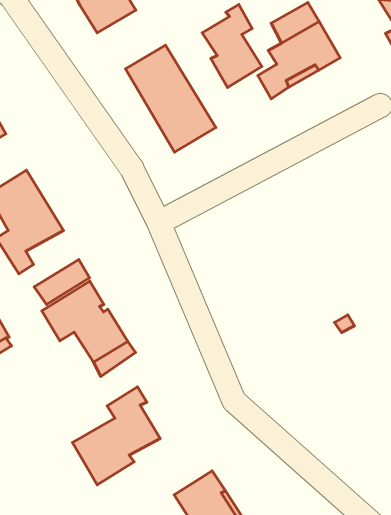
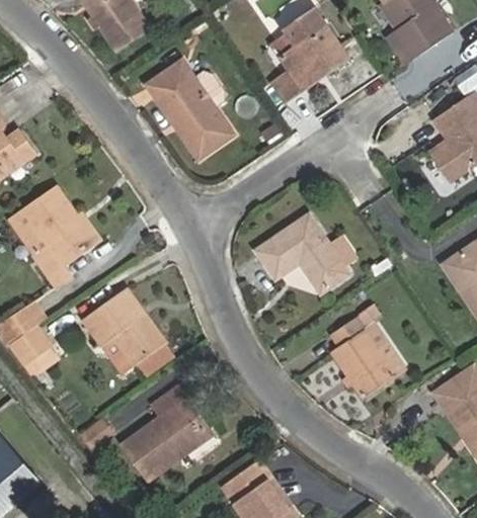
building: [202,5,262,87] -> none
building: none -> [255,213,349,292]
building: [34,259,89,305] -> none
building: none -> [328,314,399,398]

